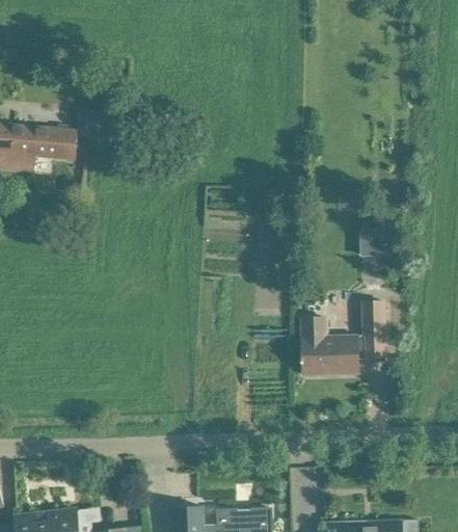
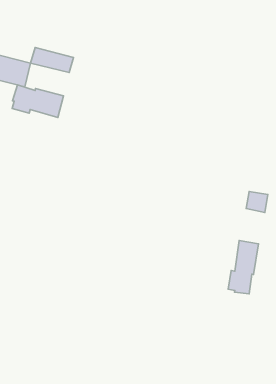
building: none -> [12,85,64,118]
building: [299,318,357,375] -> none

